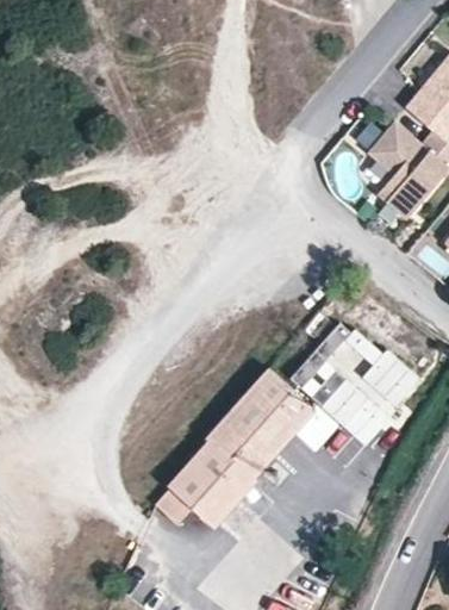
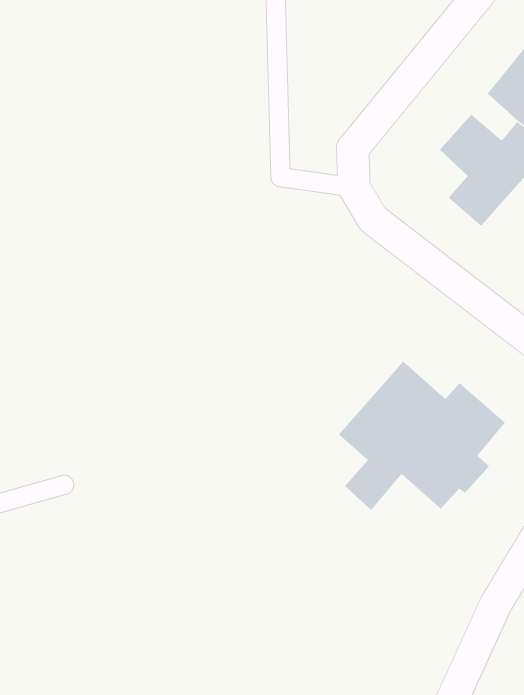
building: [154,369,311,524] -> none

